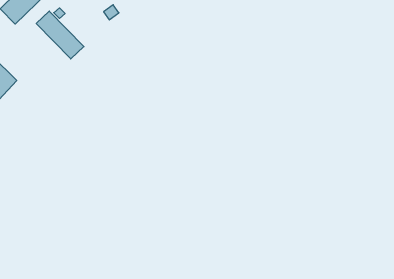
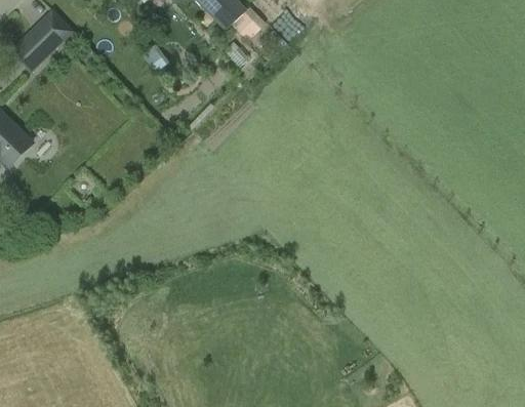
building: [36,11,84,59] -> none

